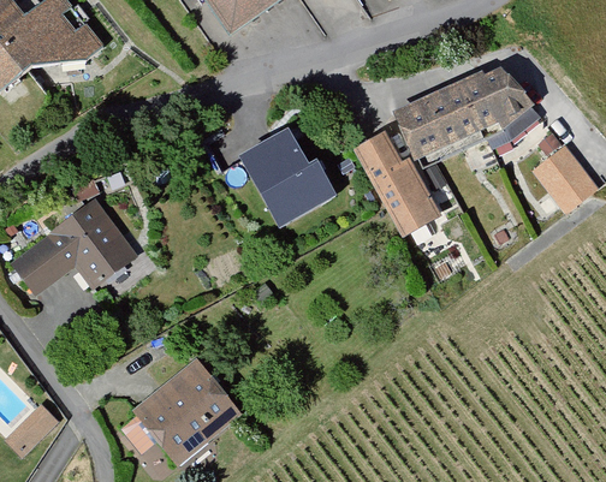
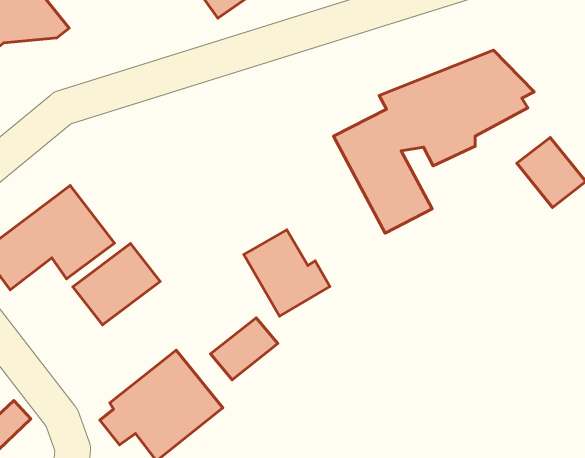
building: [242,138,326,222] -> [244,230,330,316]
building: none -> [73,243,160,325]
building: none -> [210,318,278,380]

